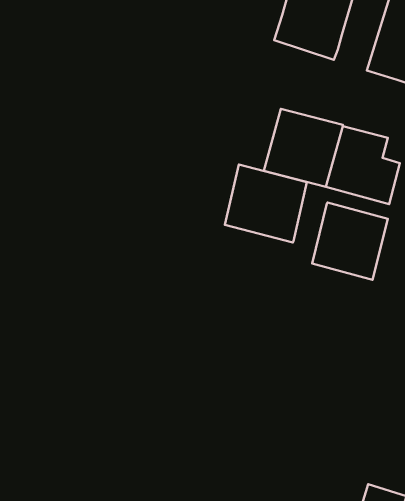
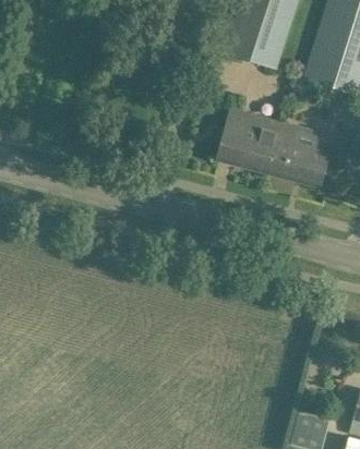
building: [225,165,307,242] -> none
building: [312,202,388,280] -> none

